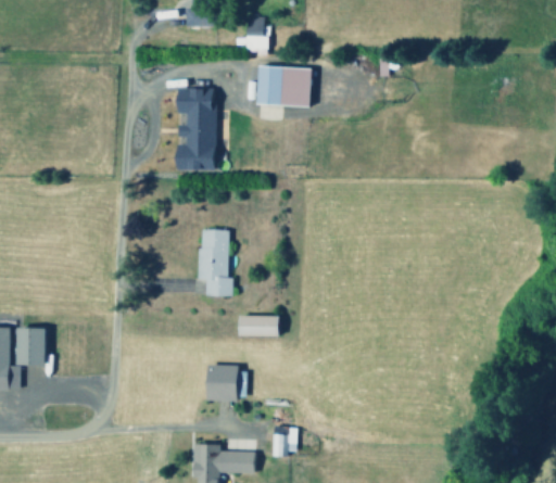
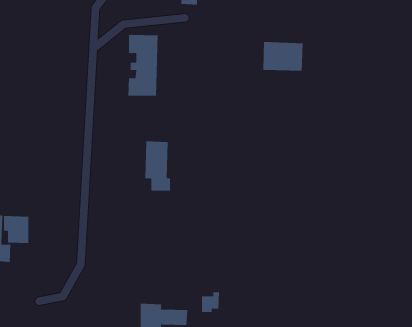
building: [256,65,311,105] -> [262,41,303,71]
building: [238,315,278,335] -> none
building: [205,364,247,401] -> none

